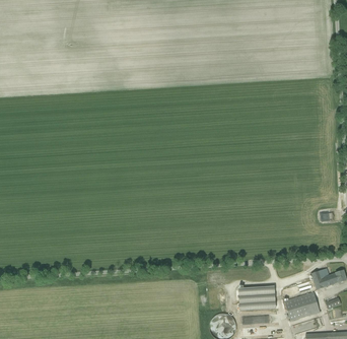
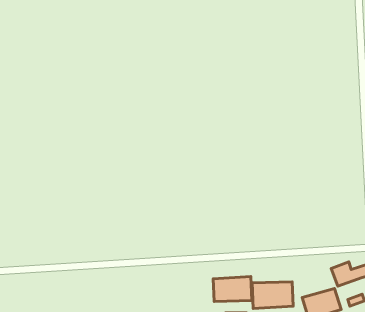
building: none -> [213,277,252,302]

